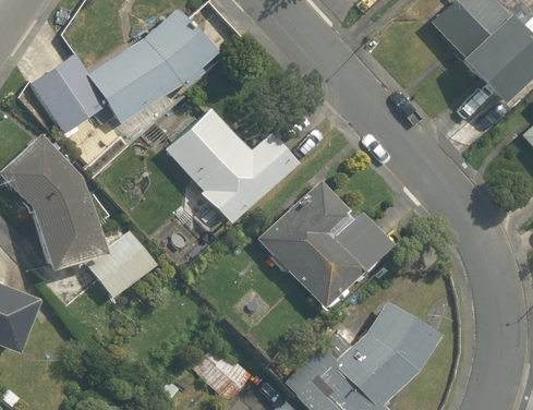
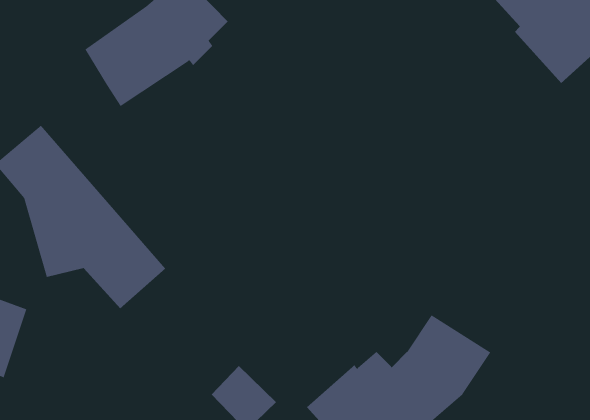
building: [33,55,109,135] -> none
building: [166,108,293,224] -> none
building: [259,181,389,308] -> none

